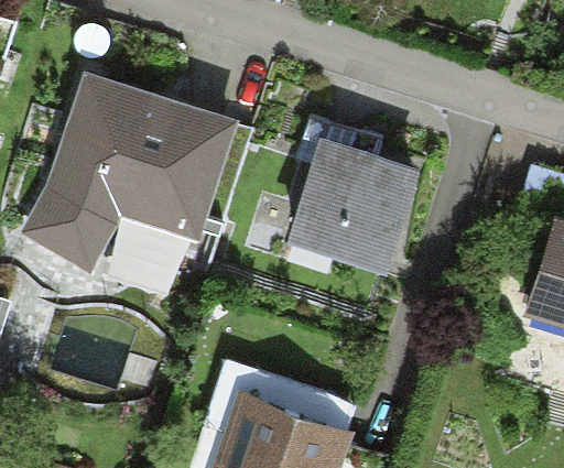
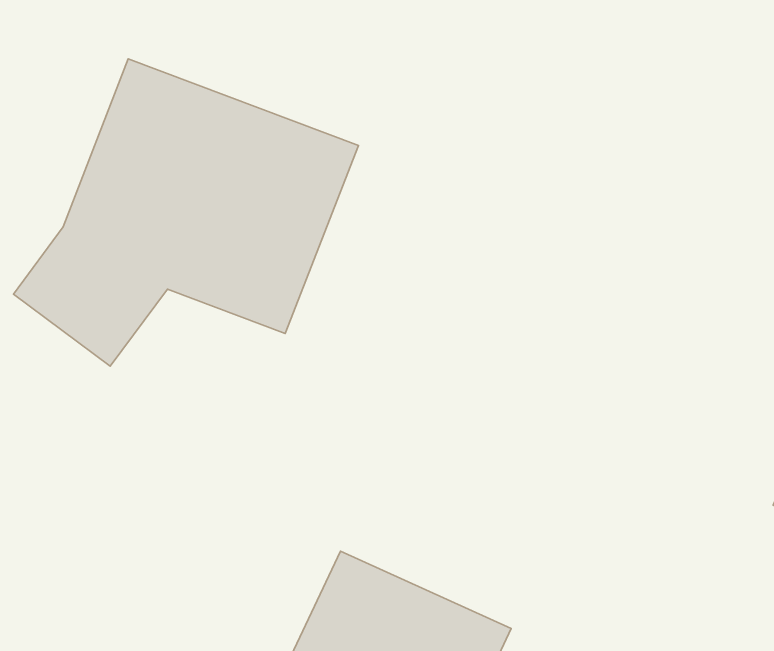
building: [283,127,426,268] -> none

